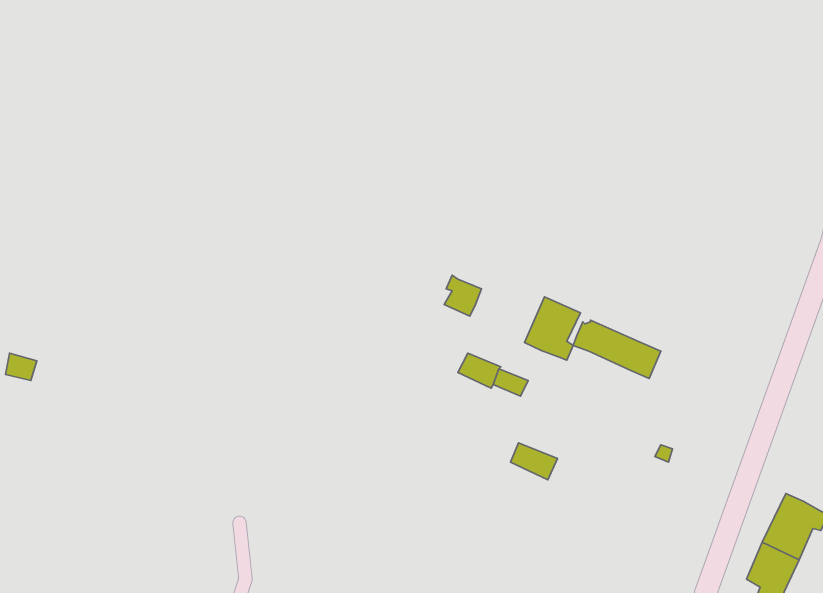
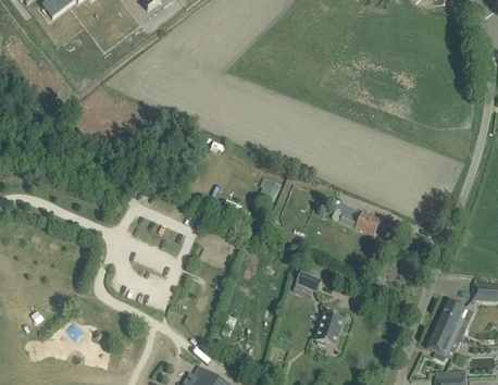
building: [525,297,580,360] -> none
building: none -> [315,311,344,345]

